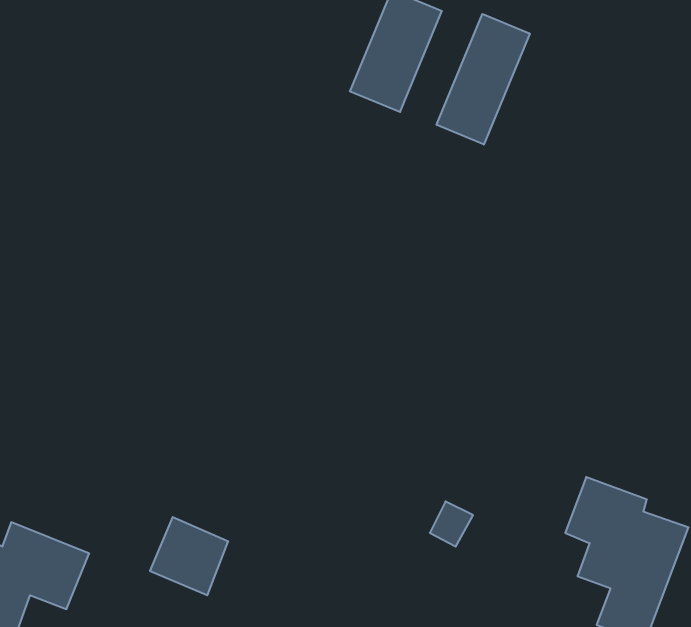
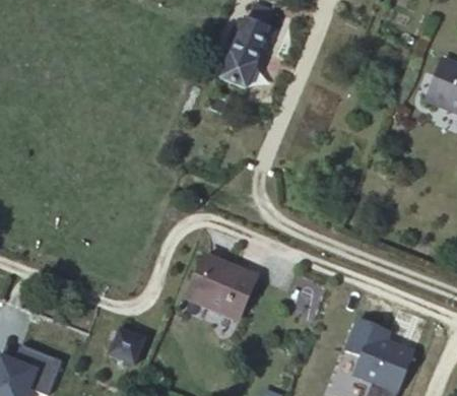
building: [437,14,530,145] -> none
building: none -> [194,264,265,327]

